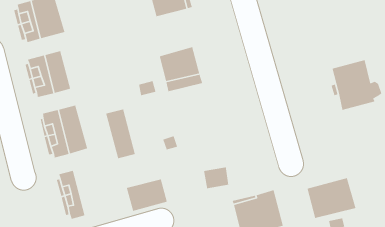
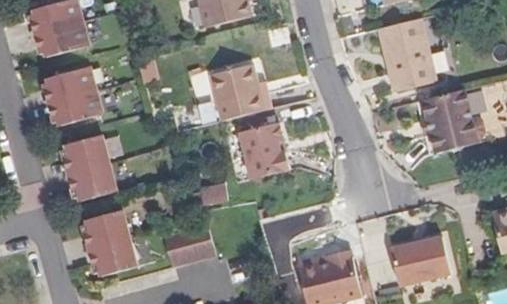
building: none -> [381,14,436,87]
building: none -> [236,122,287,179]
building: [105,108,136,159] -> [101,211,139,274]

